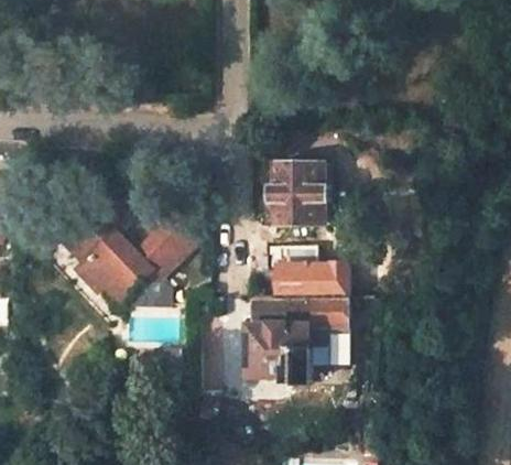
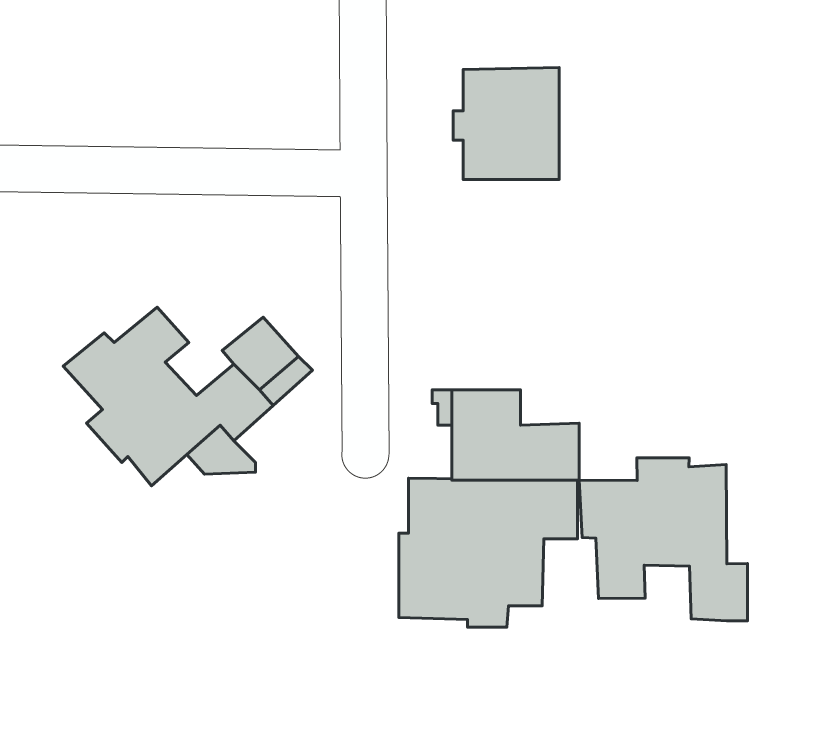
building: [269,164,328,227] -> [453,68,559,180]
building: none -> [579,458,748,621]

